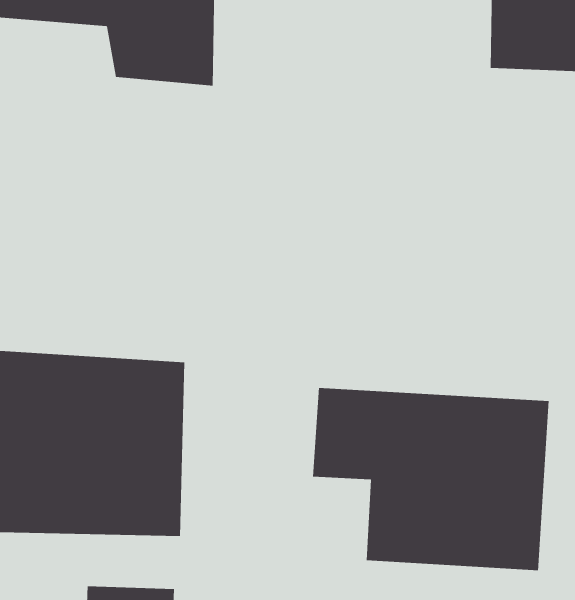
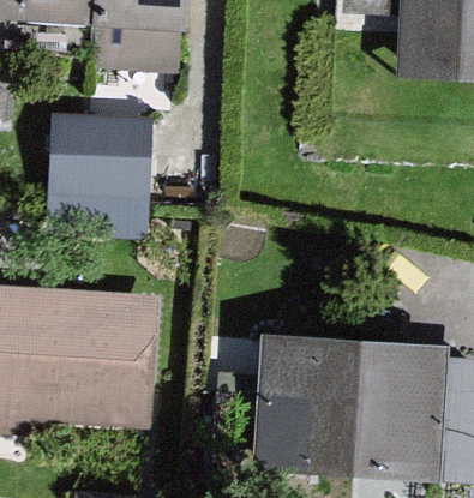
building: none -> [48,120,150,211]

